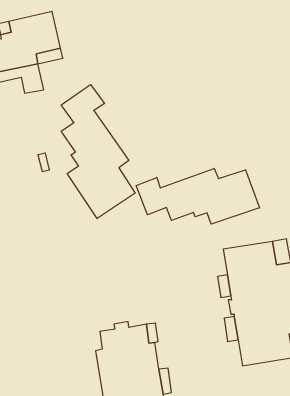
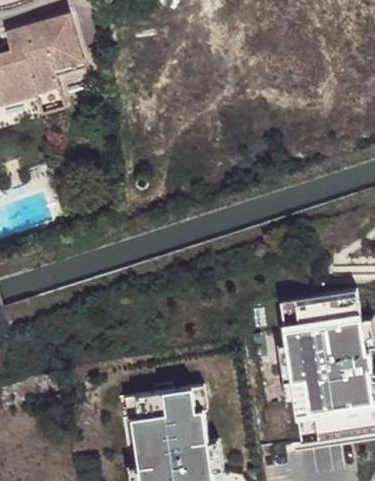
building: [61,85,135,219] -> none
building: [136,168,259,224] -> none

